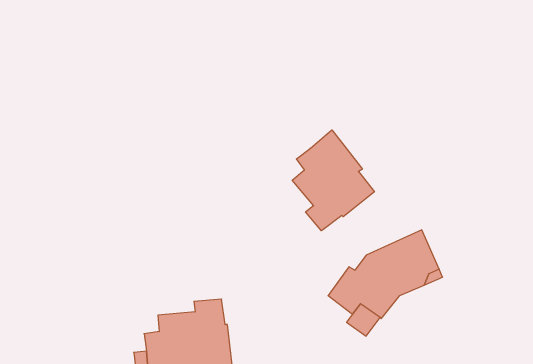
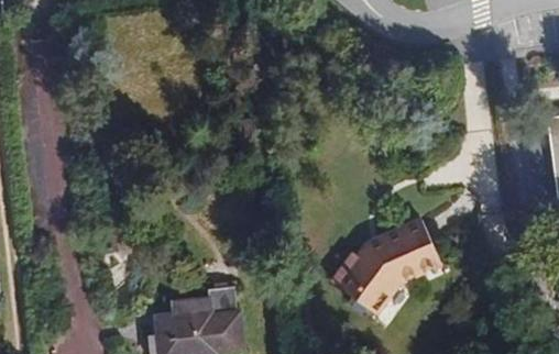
building: [292,130,374,231] -> none

